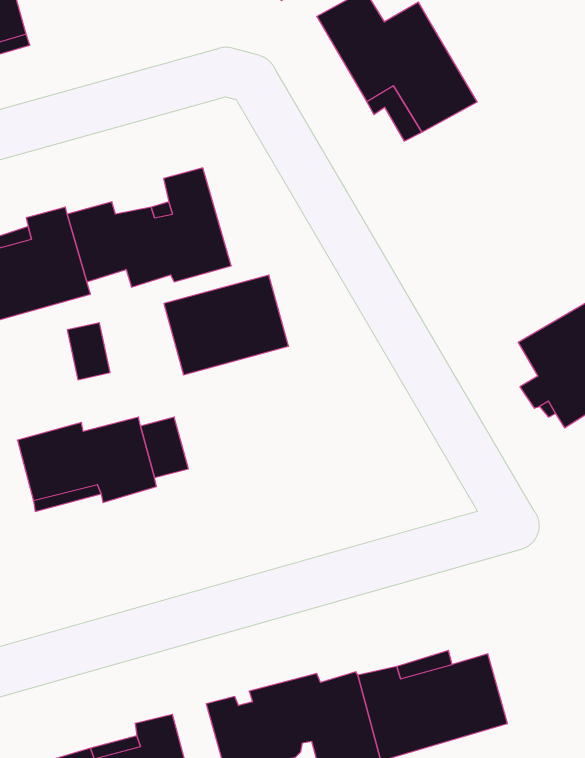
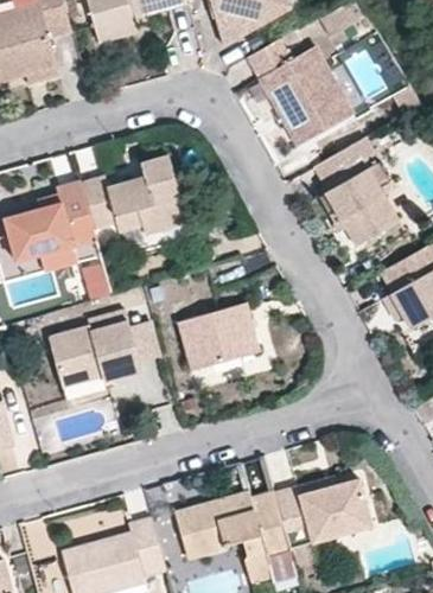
building: none -> [311,136,395,244]
building: [164,275,289,375] -> [178,302,261,369]

